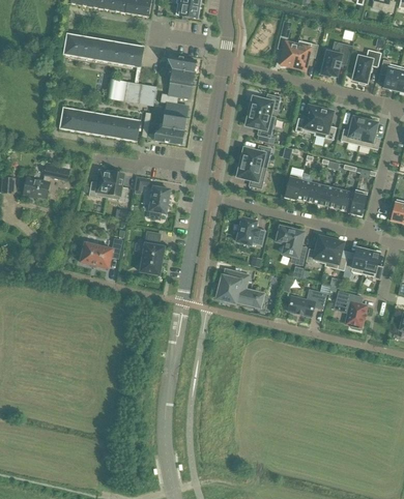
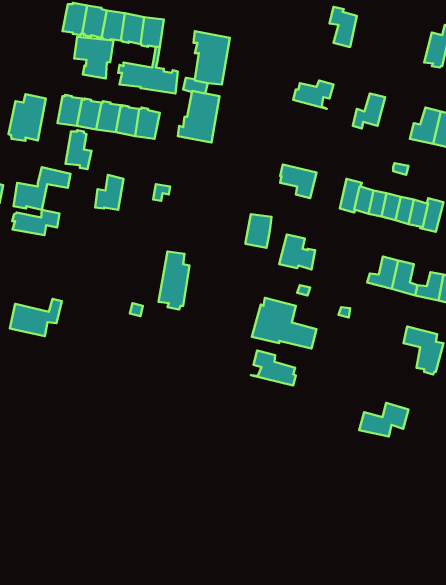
building: [293,39,319,70] -> none
building: [321,49,349,76] -> none
building: none -> [74,37,113,78]
building: none -> [8,94,46,141]
building: [315,108,337,140] -> none
building: [246,110,275,142] -> none
building: [239,145,271,168] -> none
building: [108,171,128,202] -> [66,130,92,169]
building: [149,186,170,213] -> [246,214,272,248]
building: none -> [12,210,60,235]
building: [277,226,307,265] -> none
building: [81,238,122,268] -> [10,299,62,336]
building: [287,289,326,316] -> [359,403,408,437]
building: none -> [251,351,296,386]

